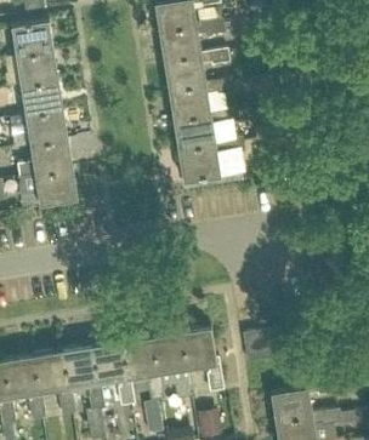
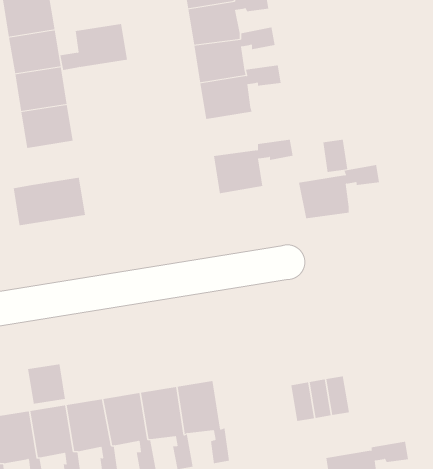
building: [174,108,239,152] -> [298,164,380,219]
building: [18,139,73,177] -> [60,23,128,70]
building: none -> [28,363,66,404]
building: [180,326,223,393] -> none

